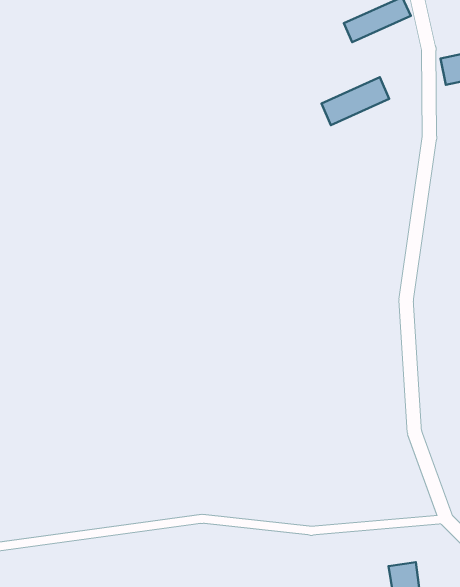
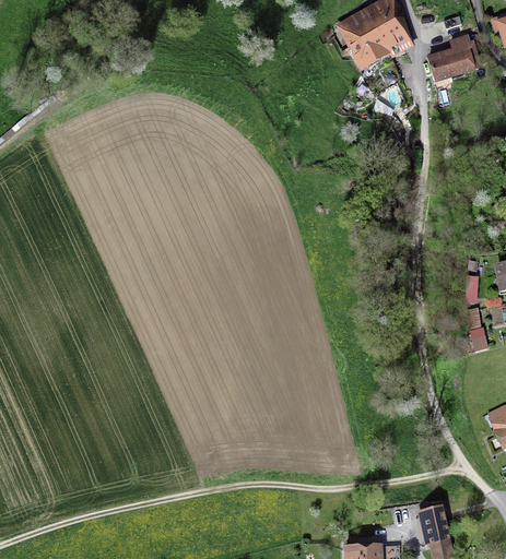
building: [321,77,389,125] -> [350,17,410,63]

